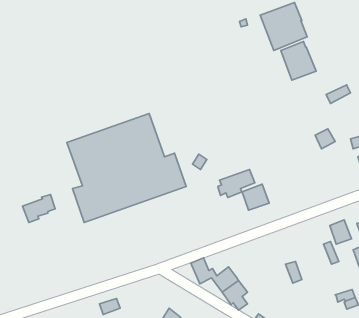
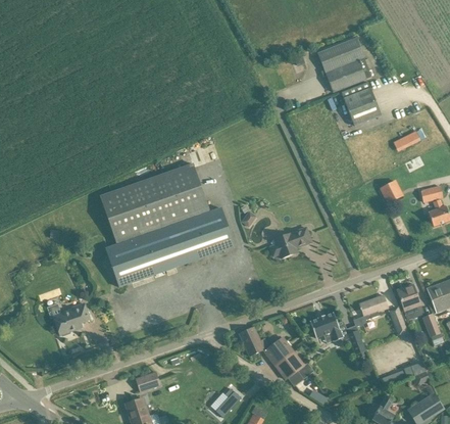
building: [242,184,269,210] -> none
building: [23,194,55,222] -> [52,303,89,335]
building: none -> [353,295,387,327]
building: none -> [309,313,342,341]

